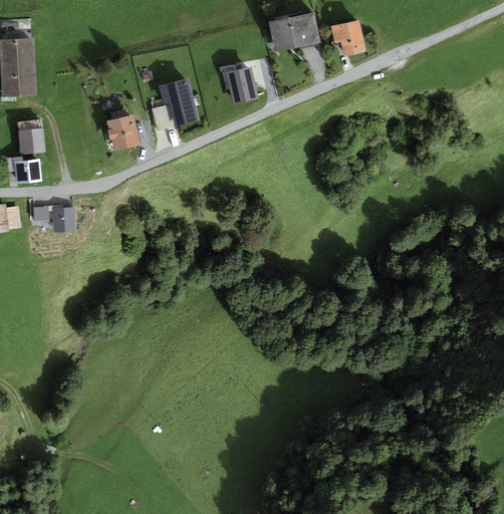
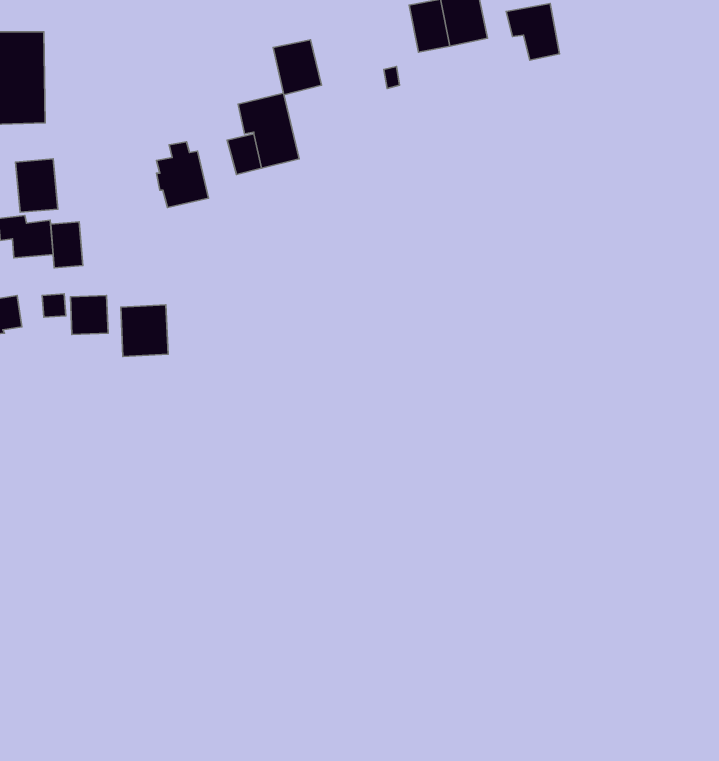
building: [226,67,257,102] -> [273,40,322,95]
building: none -> [51,222,83,268]
building: none -> [121,305,168,357]

